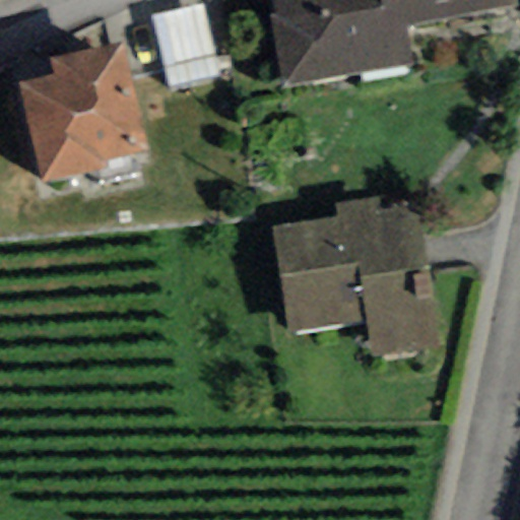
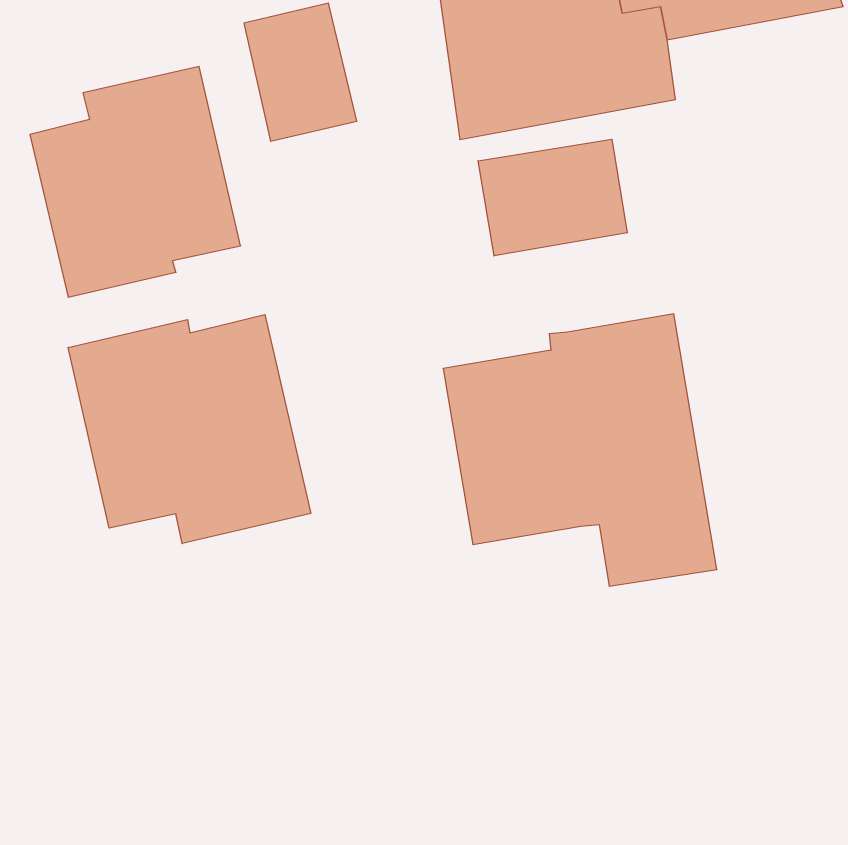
building: none -> [478,139,627,256]
building: none -> [68,315,311,544]

